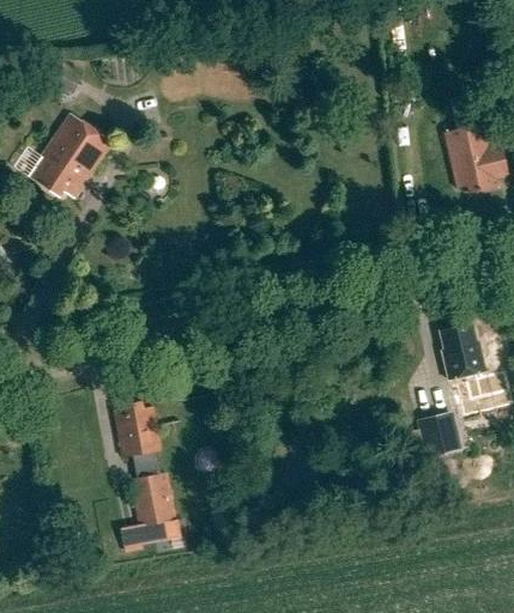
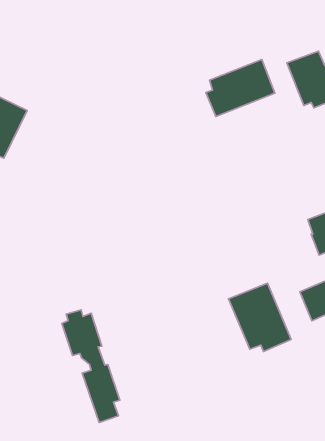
building: none -> [206,59,275,117]
building: none -> [229,283,291,352]

